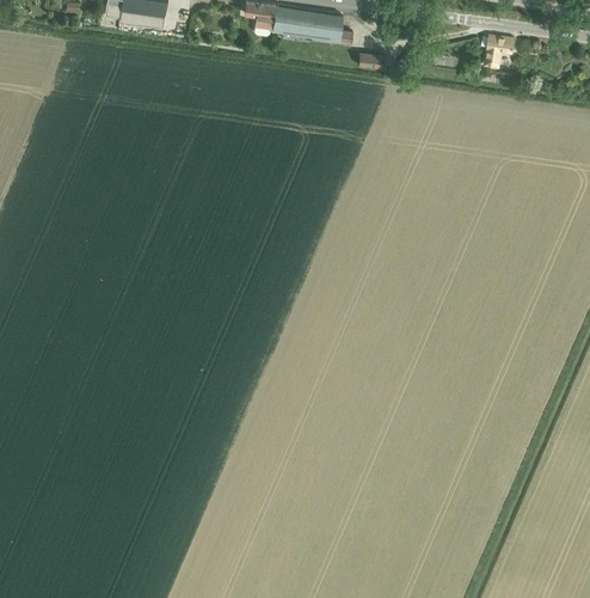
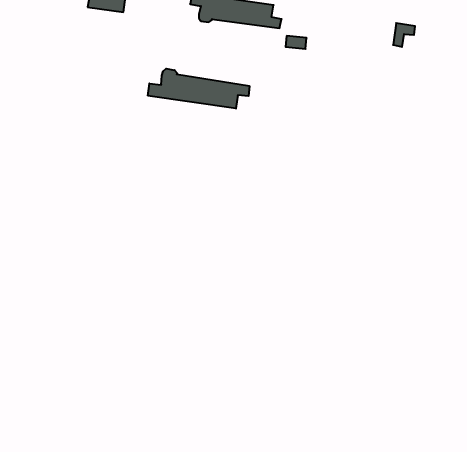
building: none -> [148,69,249,109]

